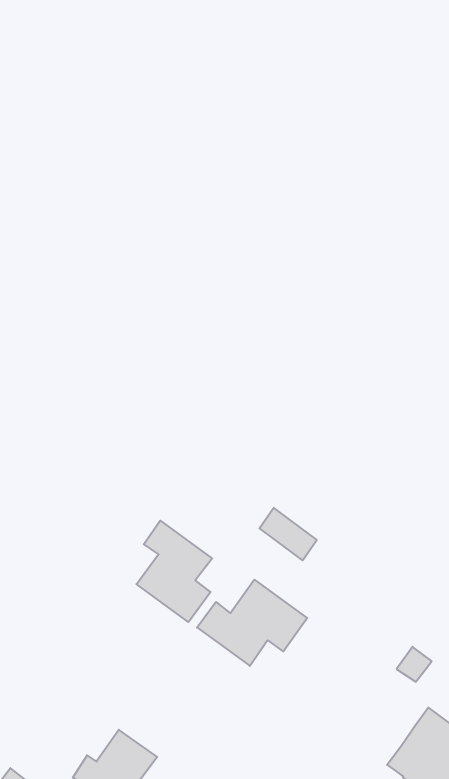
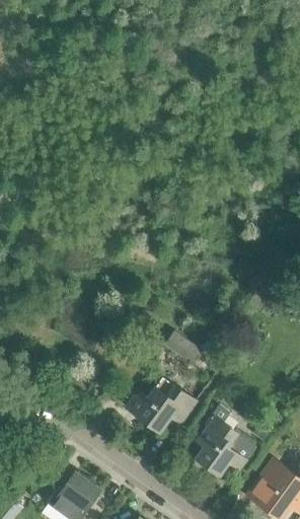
building: [136,521,212,622] -> none
building: none -> [196,405,256,470]

